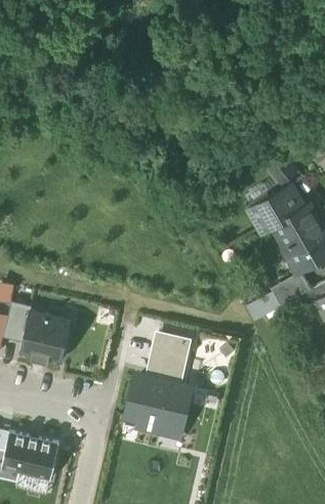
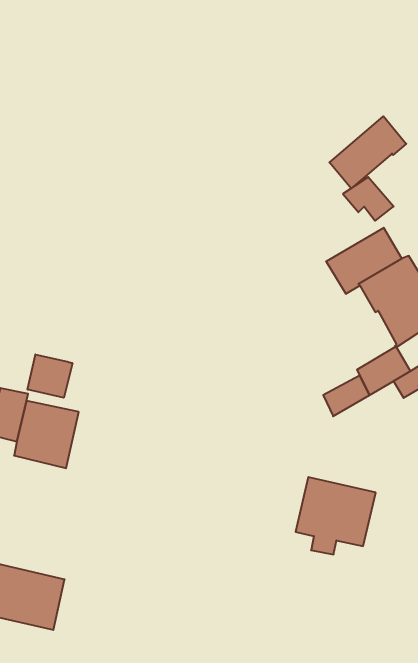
building: none -> [329,116,406,188]
building: none -> [28,354,72,398]
building: [147,331,191,379] -> none
building: [129,377,188,433] -> [296,477,376,554]

